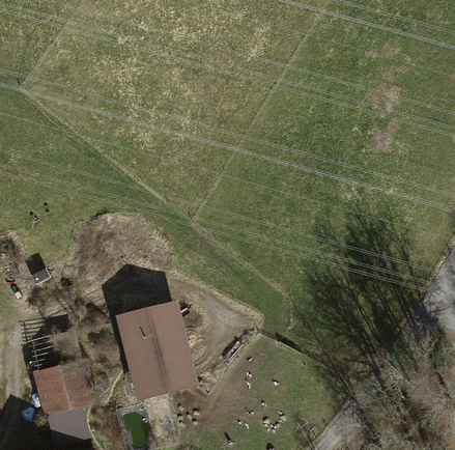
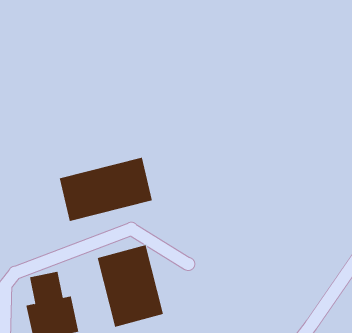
building: none -> [59,157,153,222]

